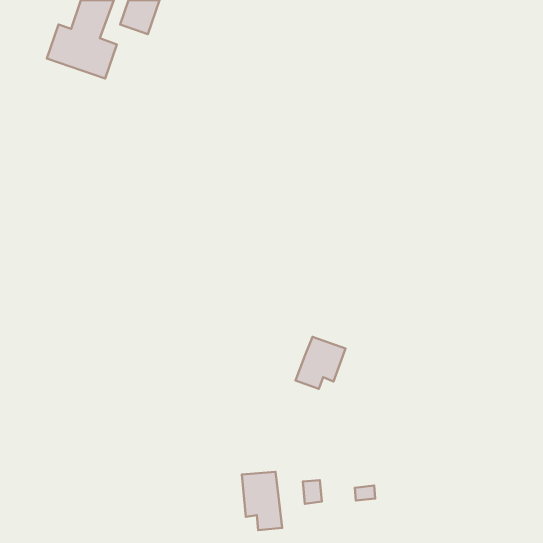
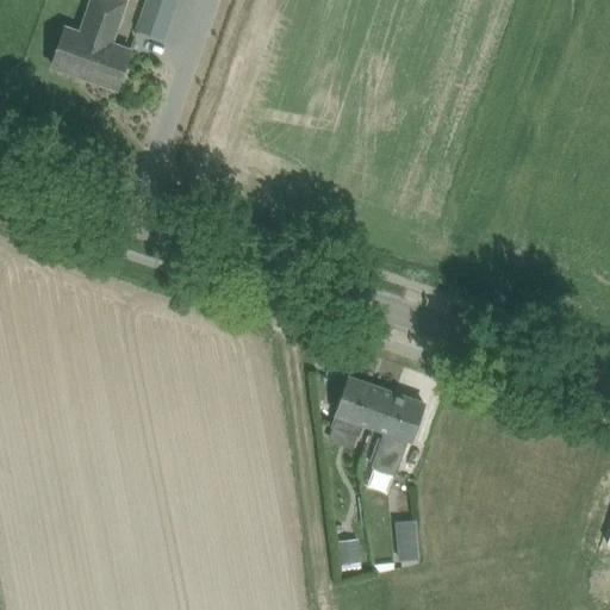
building: none -> [372,391,424,473]
building: [242,472,282,530] -> none

